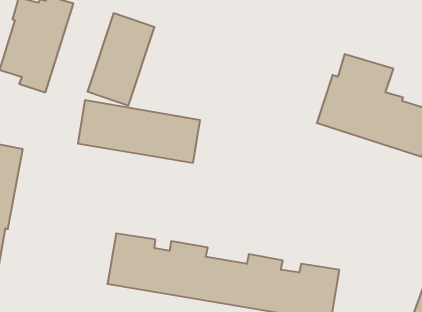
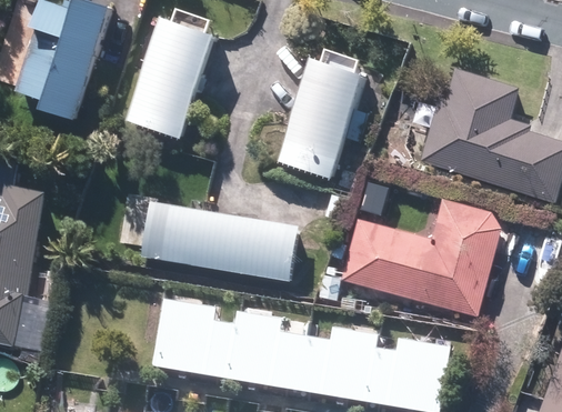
building: none -> [278,61,362,179]
building: [78,100,200,163] -> [141,201,297,281]
building: none -> [342,200,500,316]

